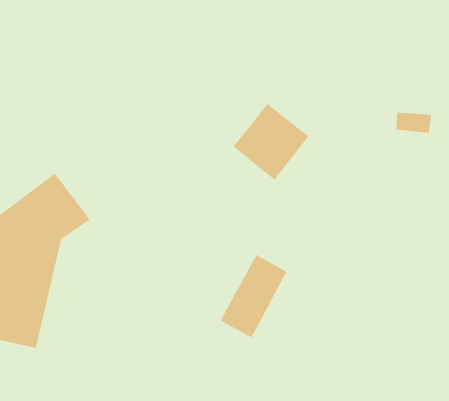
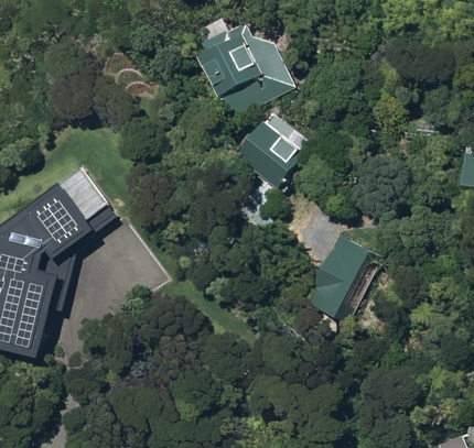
building: none -> [203,36,295,119]
building: [220,254,287,338] -> [305,232,373,316]

